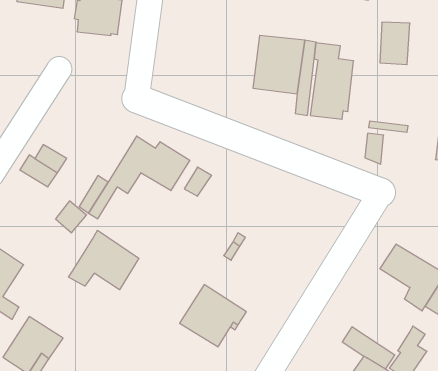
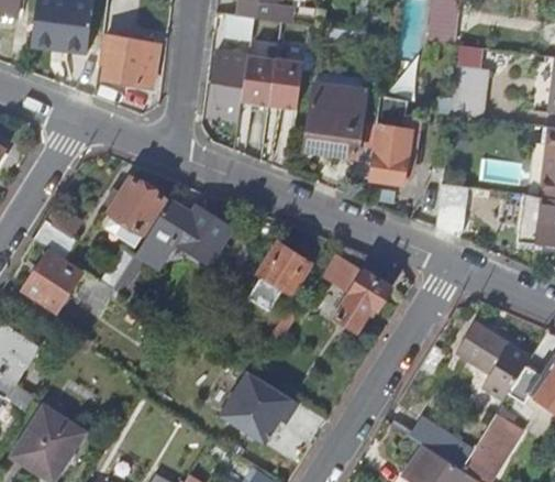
building: none -> [210,50,303,114]
building: none -> [110,177,167,233]
building: none -> [259,245,311,298]
building: none -> [326,249,401,332]
building: none -> [25,253,84,314]
building: [69,230,139,290] -> none

